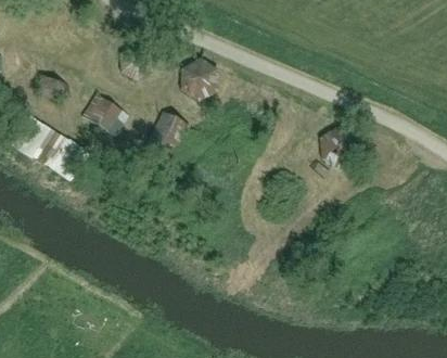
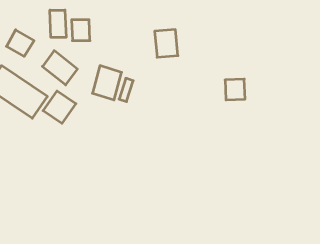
building: none -> [50,10,66,37]
building: [183,63,214,99] -> [155,30,178,57]
building: none -> [43,91,76,123]

